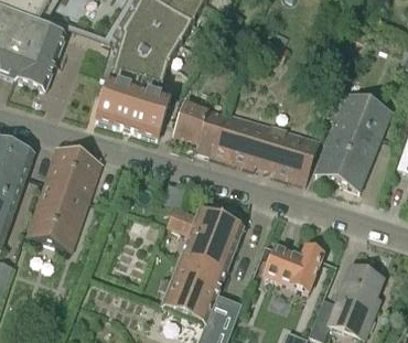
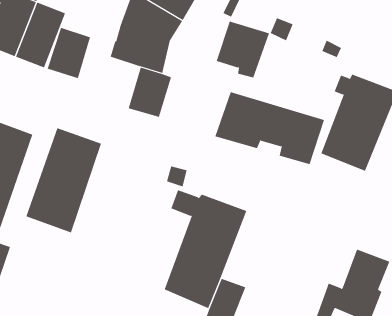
building: [96,75,139,126] -> [47,27,91,79]
building: [174,97,227,153] -> [216,21,270,78]
building: [265,242,323,290] -> none

